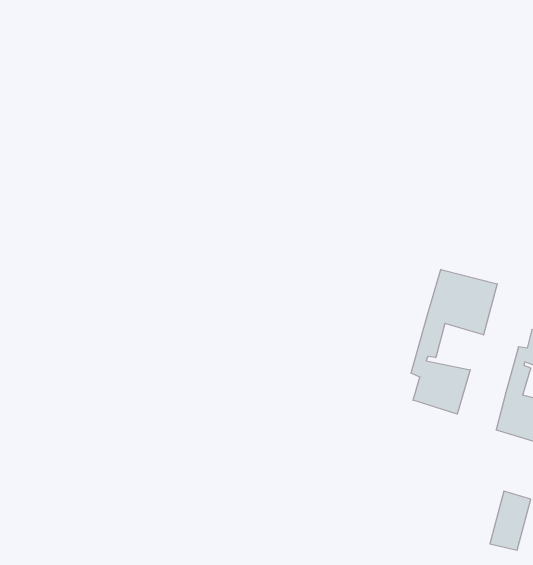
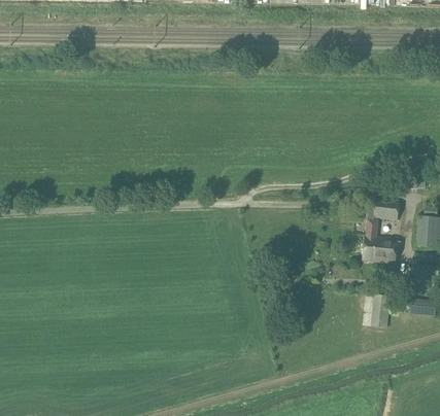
building: [411,269,497,414] -> none

